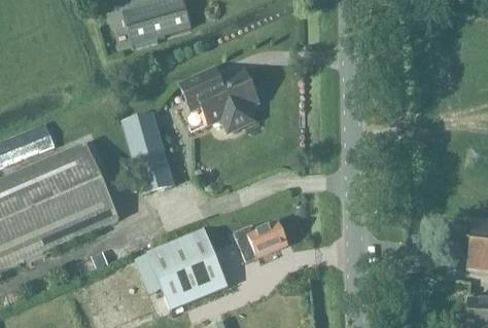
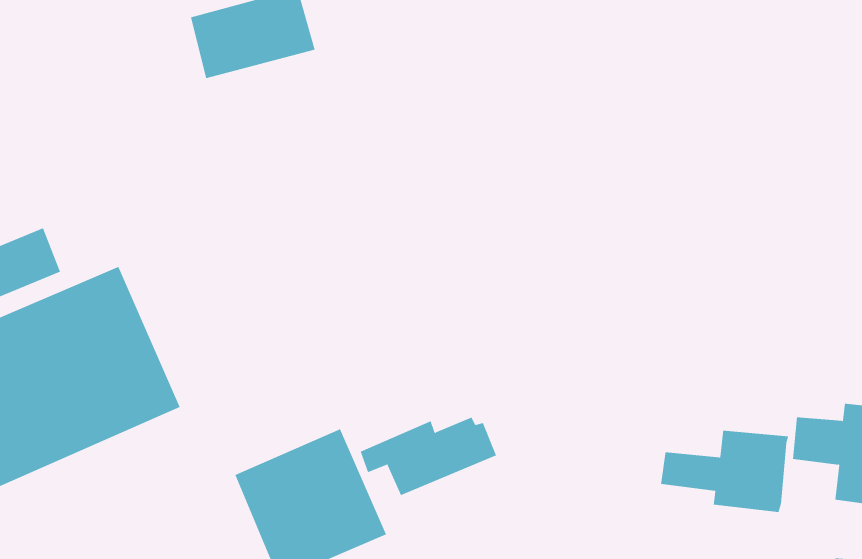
building: [179,70,256,130] -> none
building: [121,112,172,192] -> none
building: none -> [660,430,789,513]

